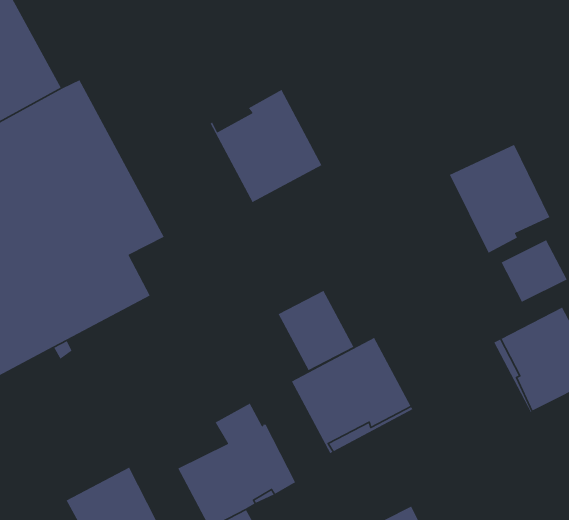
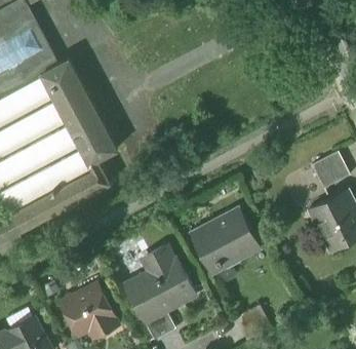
building: [210,89,322,203] -> none
building: [449,144,550,254] -> none
building: [277,290,355,371] -> none

